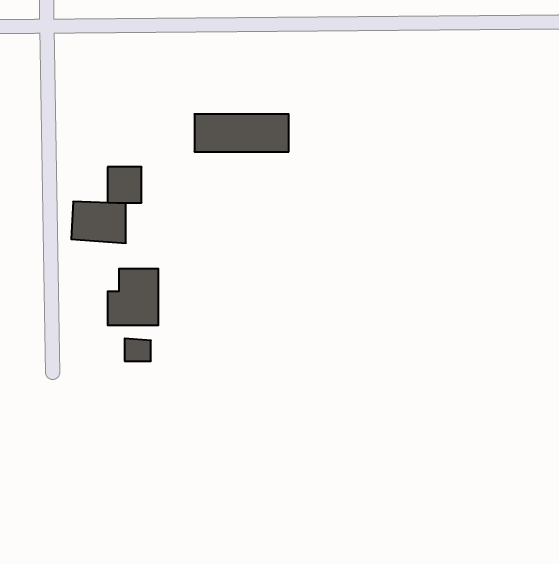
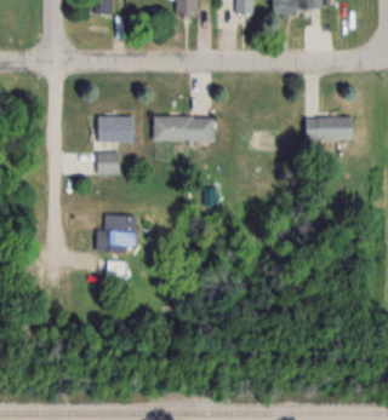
building: none -> [304,119,353,142]
building: [71,202,126,243] -> [97,115,132,142]

